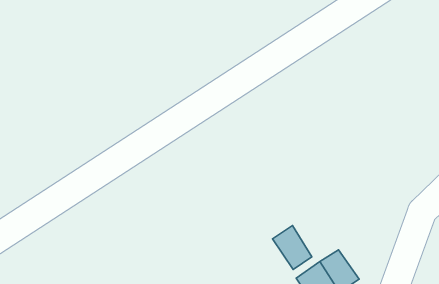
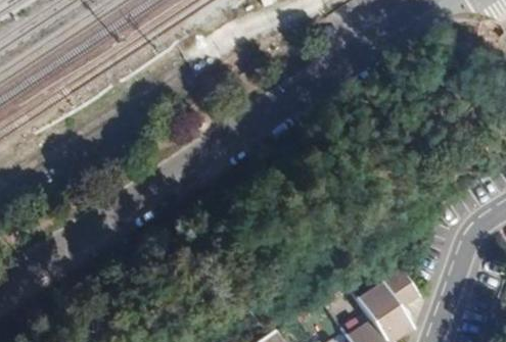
building: [272,225,312,269] -> none

